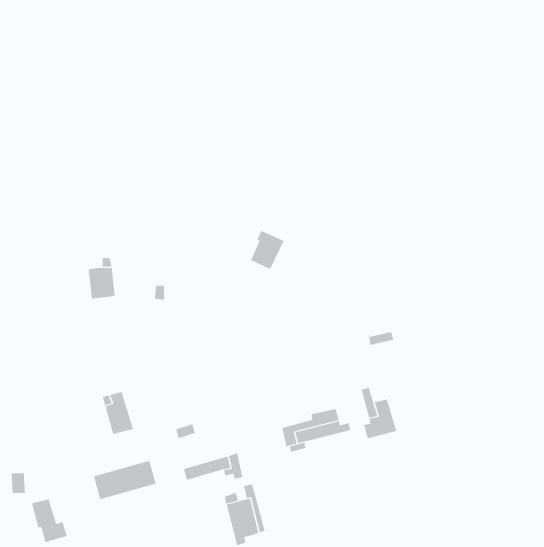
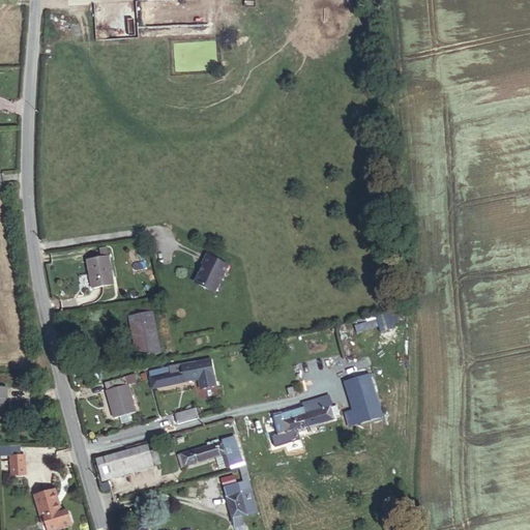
building: [250,230,284,270] -> [199,255,232,293]
building: none -> [127,310,150,356]
building: none -> [147,357,214,386]

